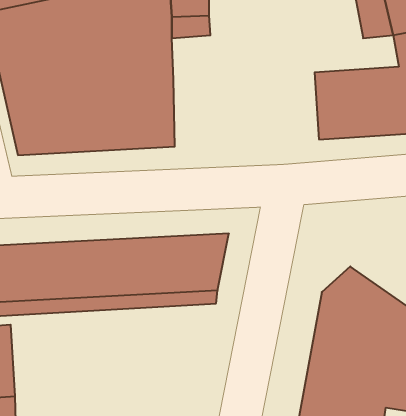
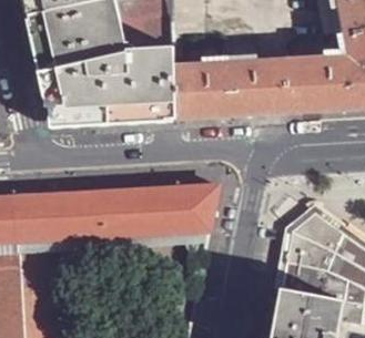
building: none -> [173,60,286,117]

